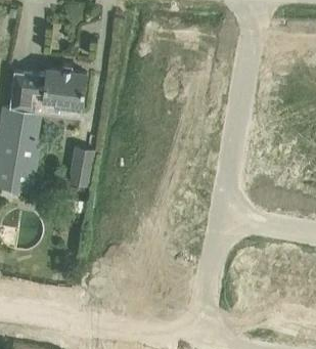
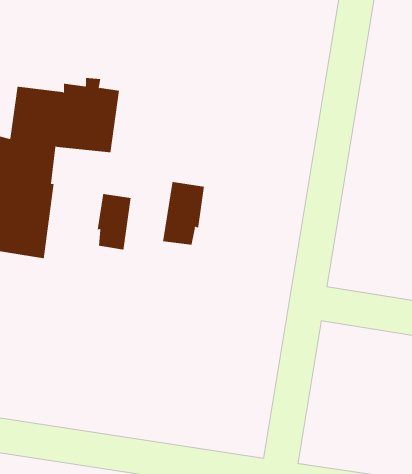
building: none -> [162,181,204,246]

